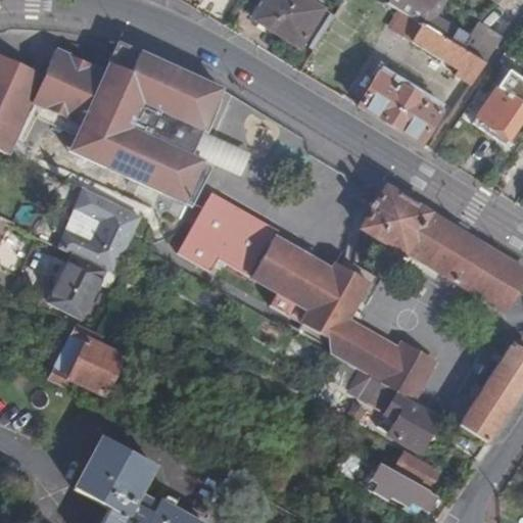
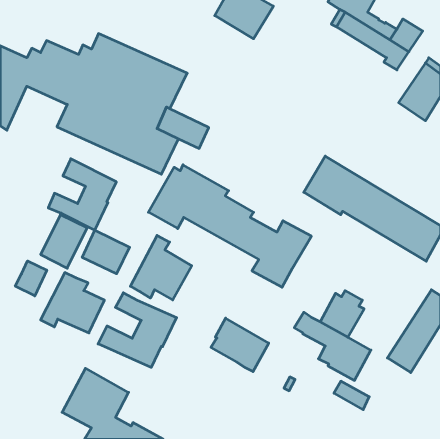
building: [359,65,440,142] -> none
building: none -> [82,230,130,274]
building: none -> [130,235,192,300]
building: none -> [15,261,47,296]
building: [330,318,398,381] -> [211,318,269,372]
building: none -> [98,293,177,367]
building: [370,464,436,510] -> none

